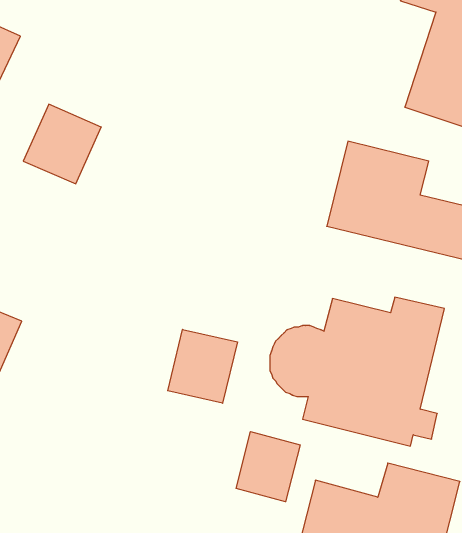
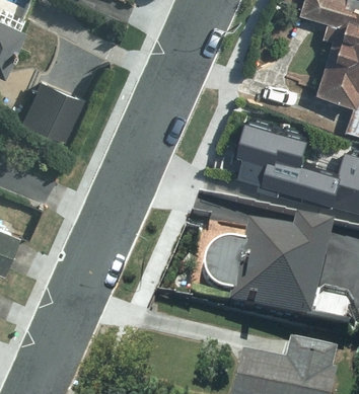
building: [168,329,237,403] -> none
building: [236,432,300,502] -> none

